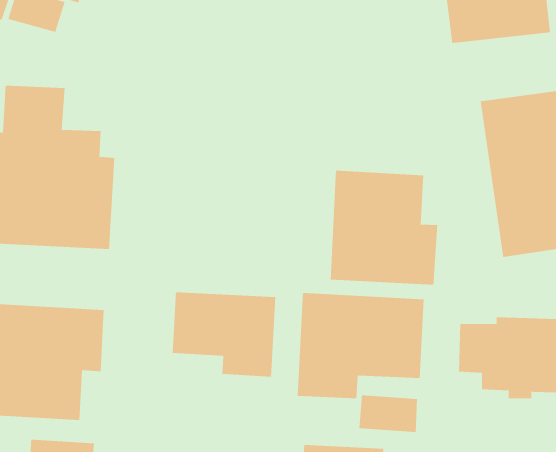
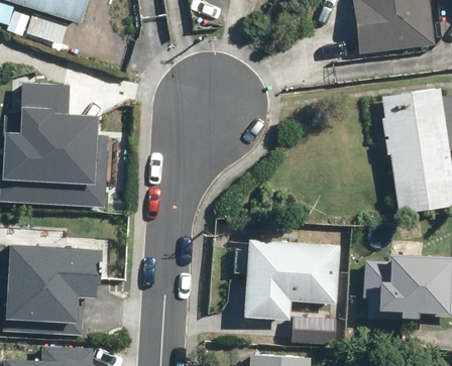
building: [330,170,438,285] -> none
building: [172,291,276,377] -> none

